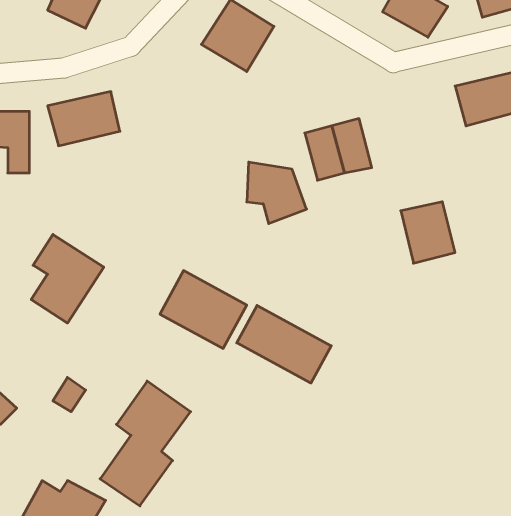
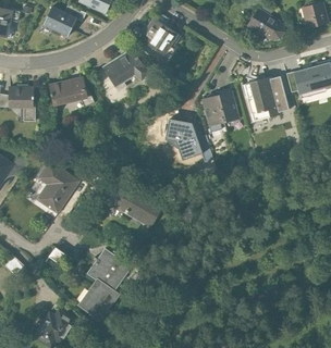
building: none -> [101,49,148,86]
building: [401,202,455,263] -> [247,76,280,113]
building: [237,305,331,383] -> none

